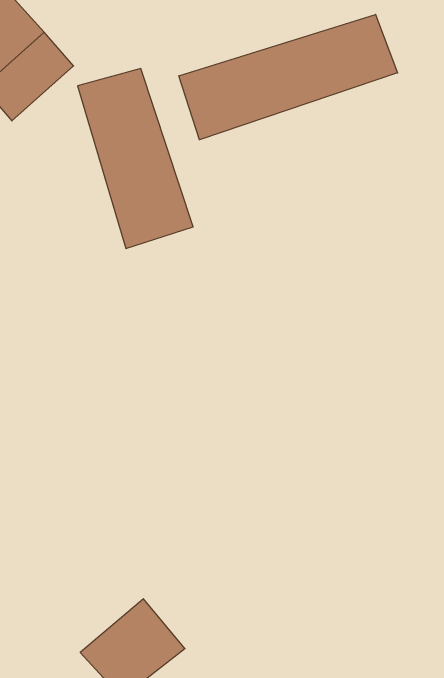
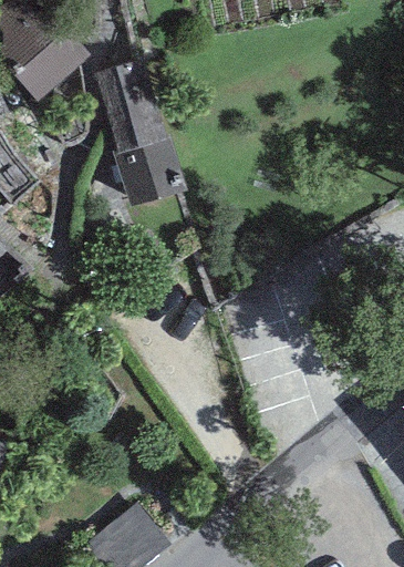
building: [179,14,398,140] -> none

